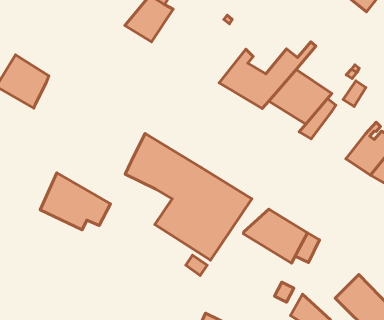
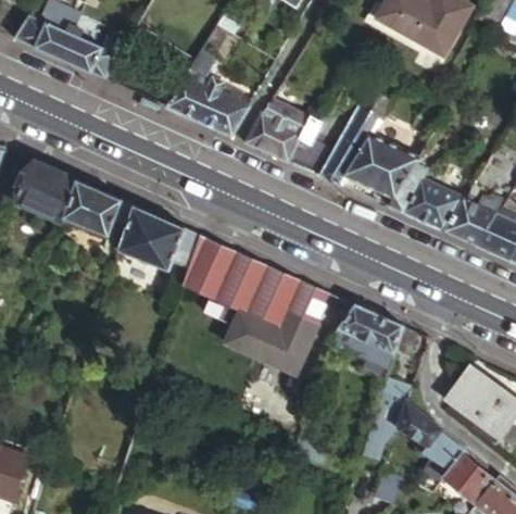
building: none -> [194,84,251,140]
building: none -> [240,98,323,163]
building: none -> [67,180,125,236]
building: none -> [397,180,460,234]
building: [40,173,110,230] -> [119,205,201,268]

